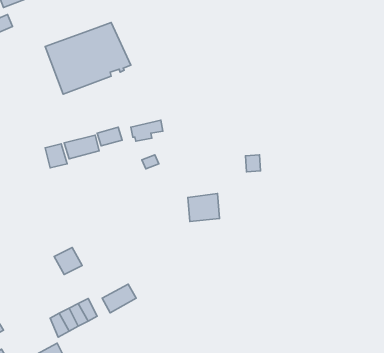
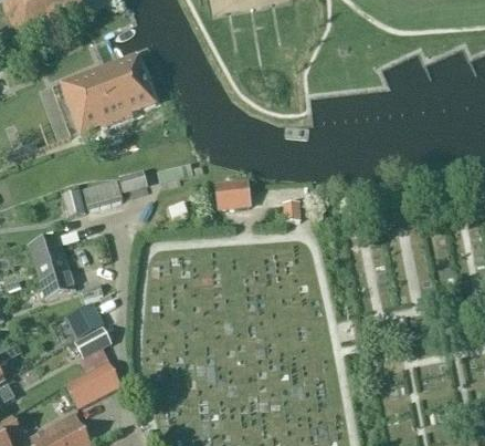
building: none -> [28,234,75,298]
building: [188,194,220,221] -> [214,179,250,210]
building: [102,284,136,313] -> [73,326,110,359]

